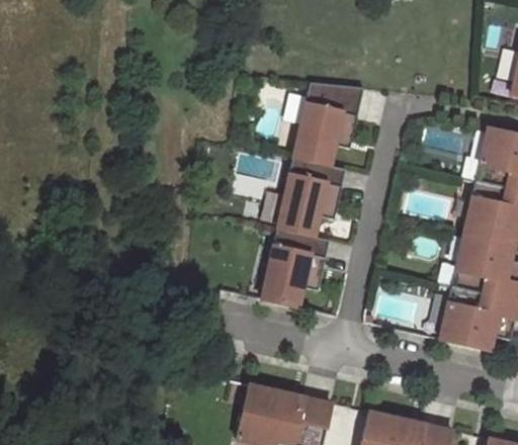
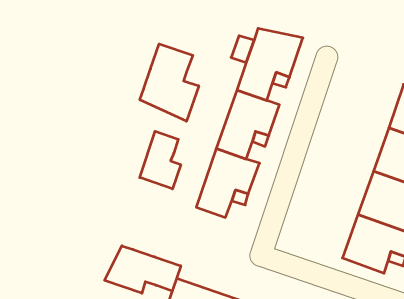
building: none -> [140,44,199,121]
building: none -> [140,131,181,189]
building: none -> [105,246,181,293]

